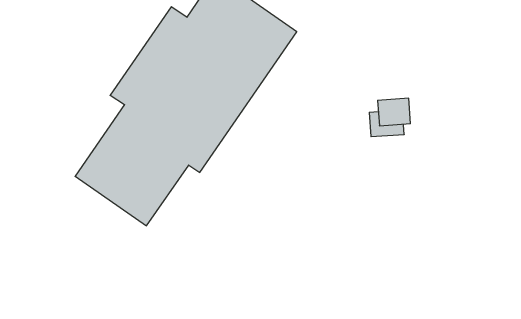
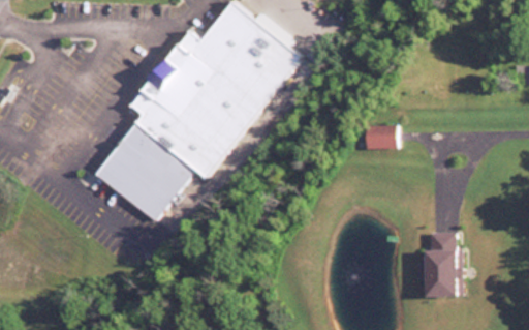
building: none -> [429,234,460,295]

